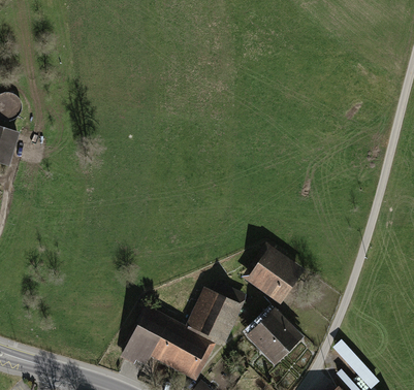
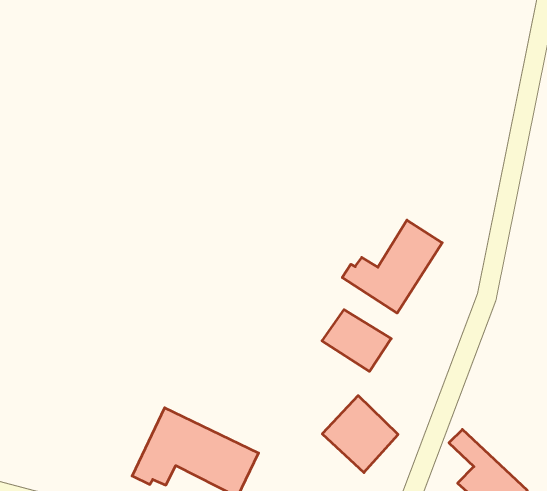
building: none -> [342,220,442,313]
building: [189,287,241,340] -> none

